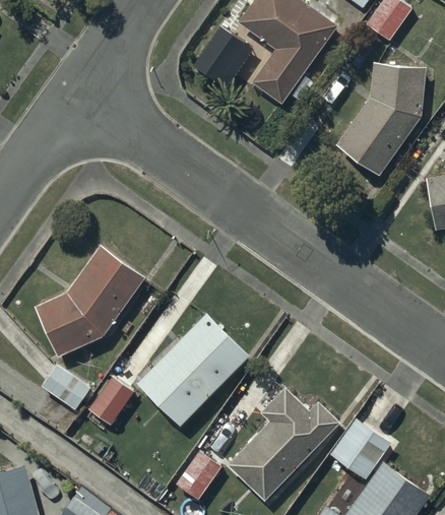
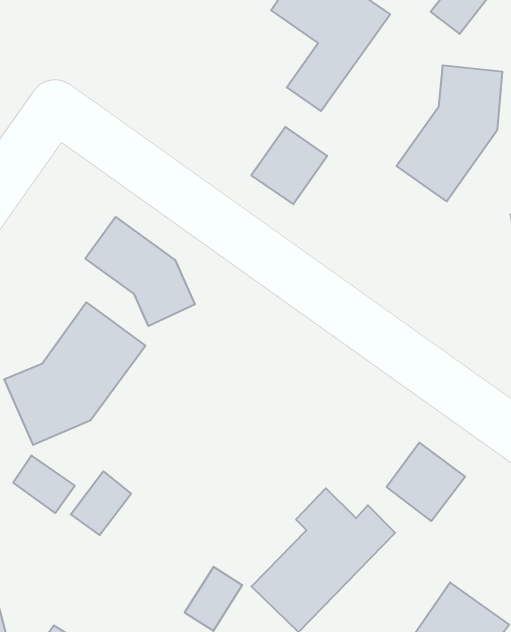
building: [193,25,252,85] -> [251,127,327,204]
building: none -> [85,217,195,326]
building: [137,315,249,427] -> none
building: [329,419,390,479] -> [387,443,465,521]

